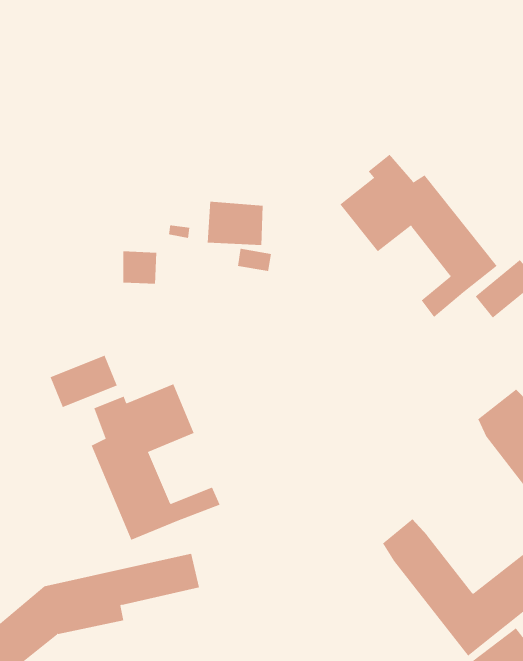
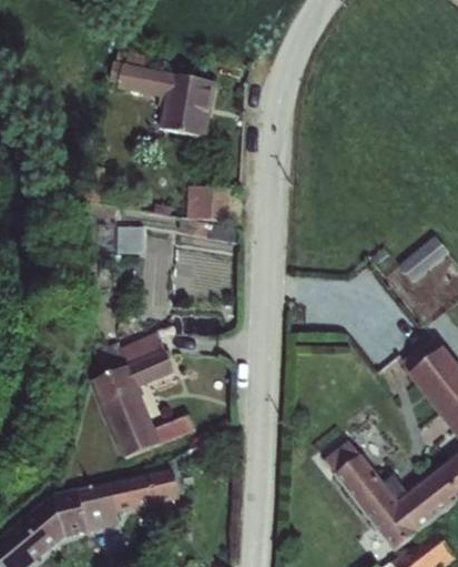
building: none -> [102,50,216,138]
building: [340,154,498,318] -> none
building: [50,355,118,408] -> none

